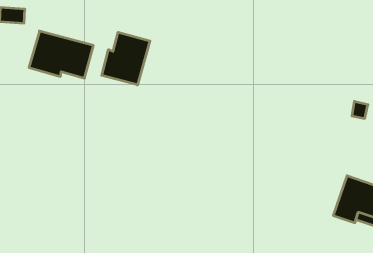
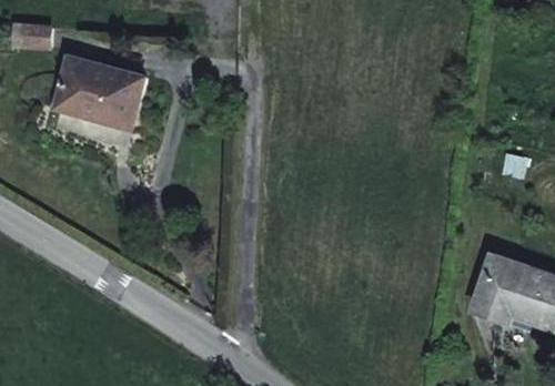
building: [102,32,150,85] -> none

